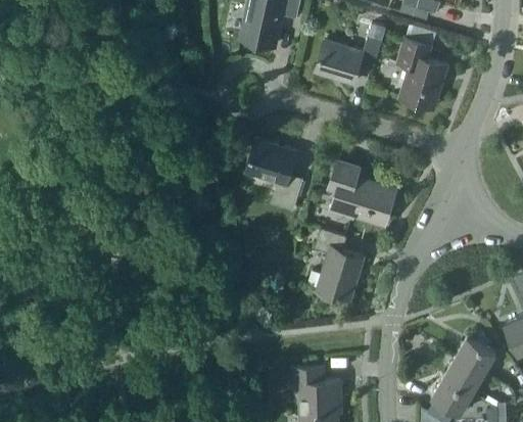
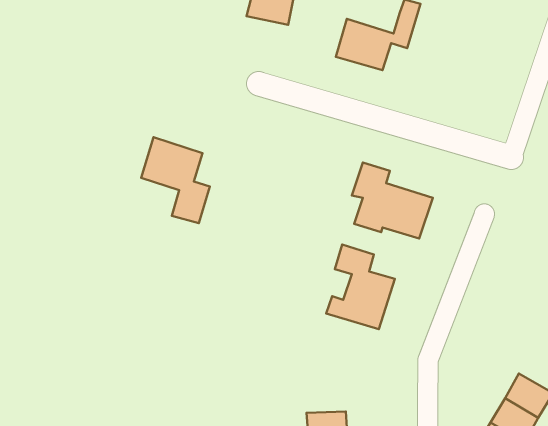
building: [395,36,447,107] -> none
building: [245,138,302,209] -> [141,137,210,223]

